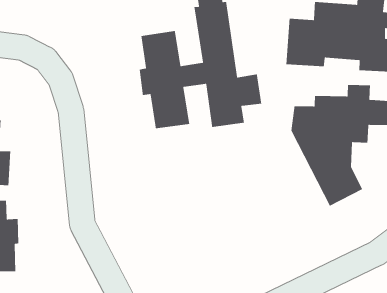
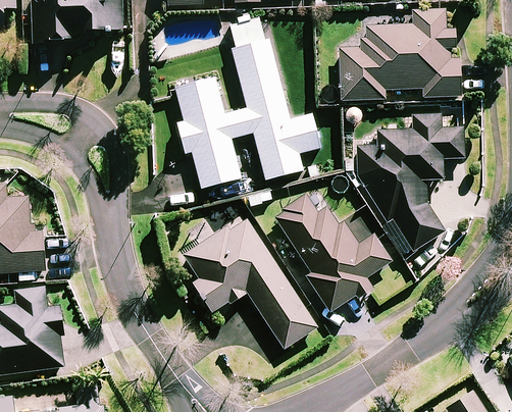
building: none -> [273,193,390,310]
building: none -> [181,217,317,348]

